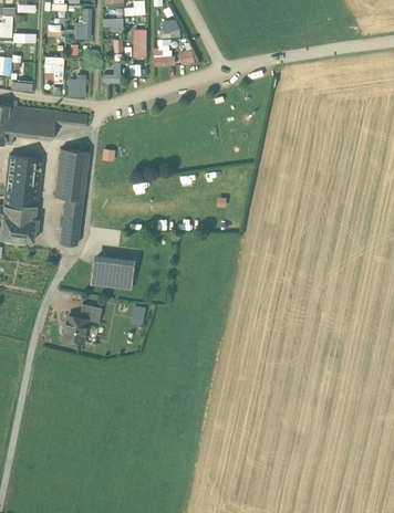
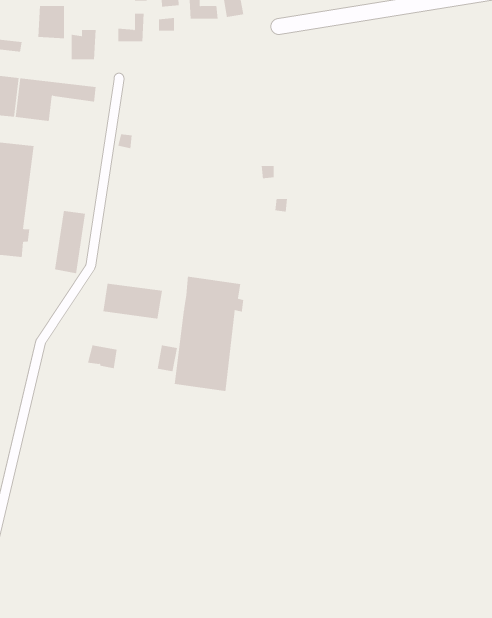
building: [51,156,85,208] -> none
building: none -> [174,276,244,392]
building: [63,315,89,343] -> none

